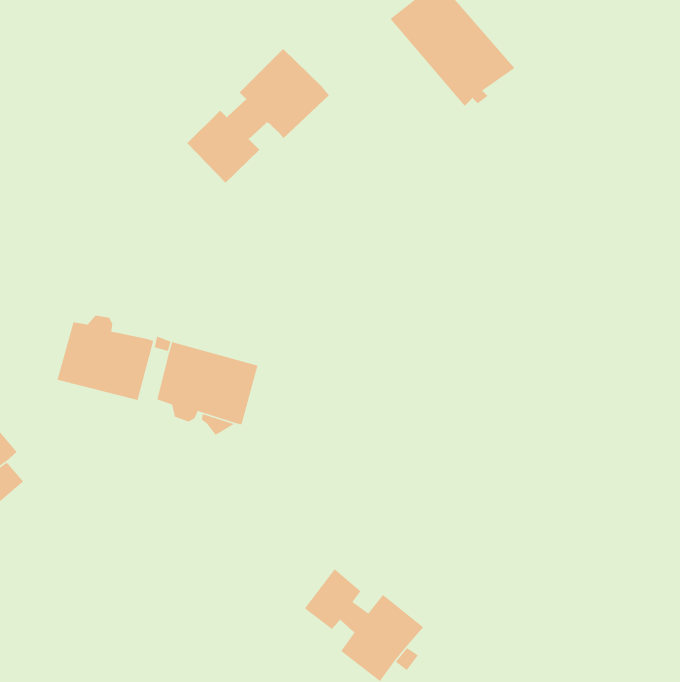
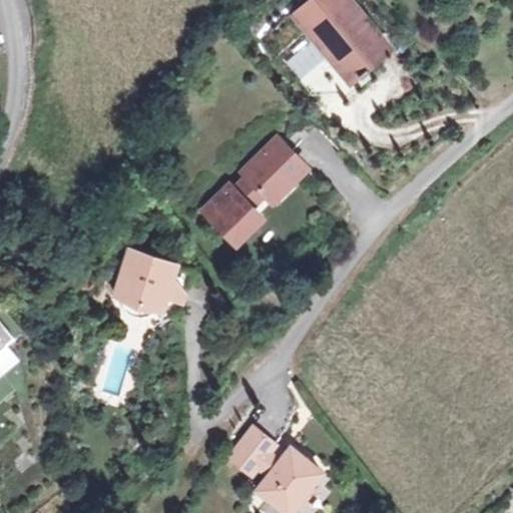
building: [187,48,330,183] -> [201,137,309,238]
building: [56,315,154,401] -> none

